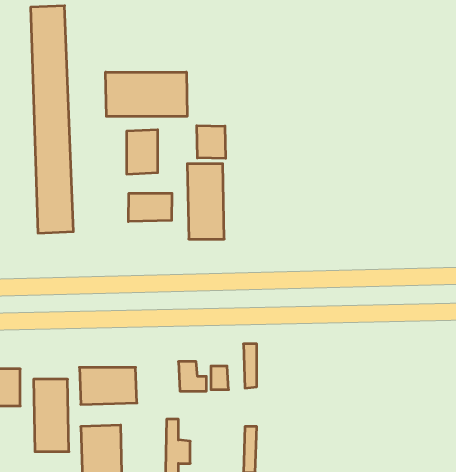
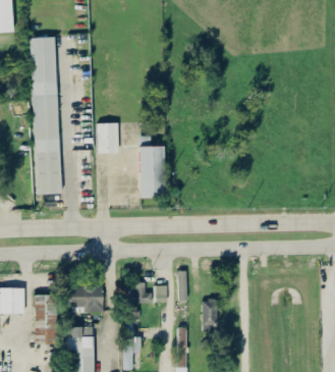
building: [106,72,187,116] -> none
building: [197,126,226,158] -> none
building: [128,193,172,222] -> none
building: none -> [203,299,218,328]

